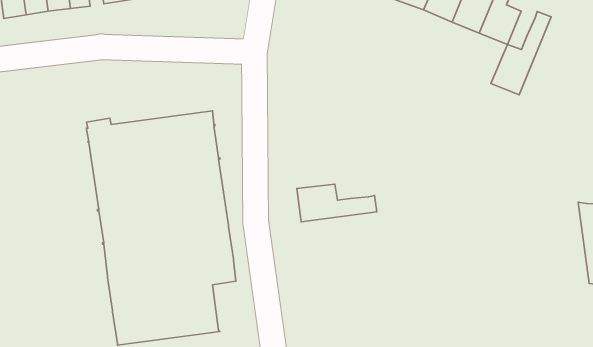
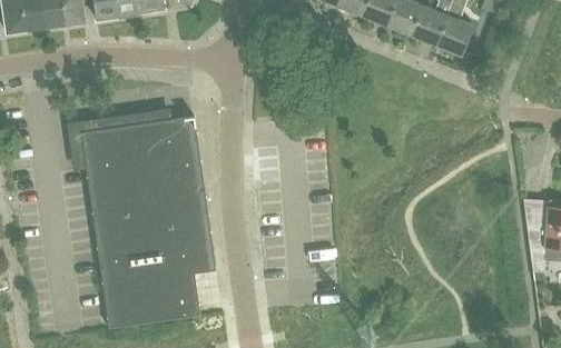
building: [491,12,551,95] -> none
building: [297,184,377,222] -> none

